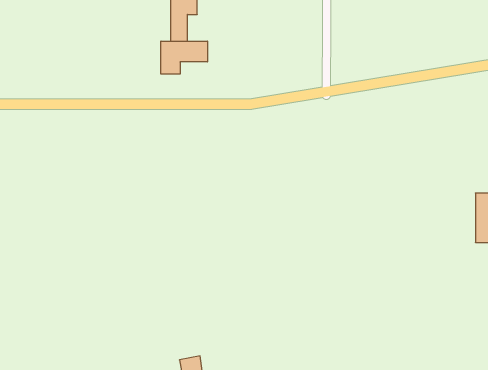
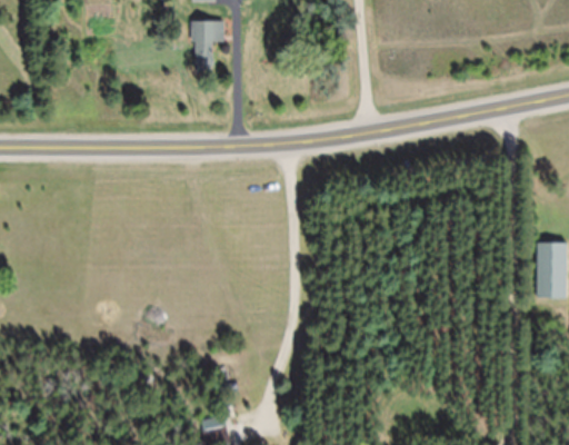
building: [161,41,207,74] -> none

